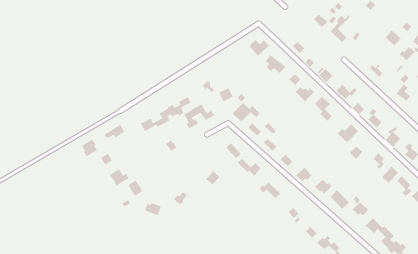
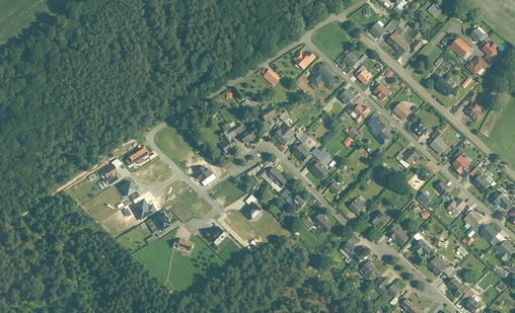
building: [140,96,191,132] -> none

